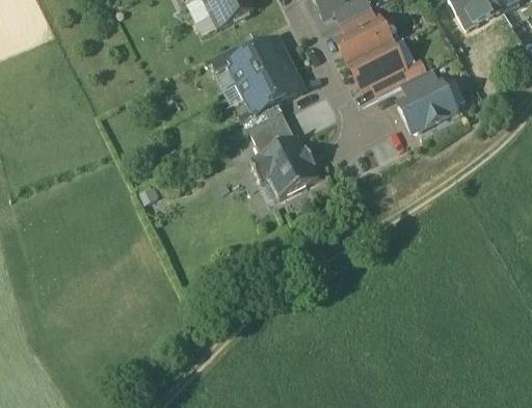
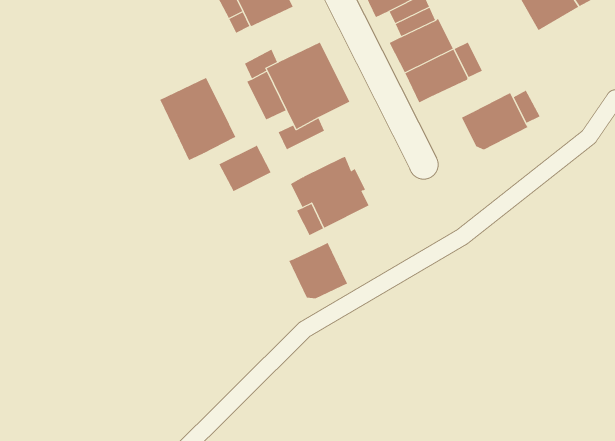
building: none -> [160,77,236,161]
building: [372,69,438,97] -> none
building: [249,112,295,153] -> [219,145,272,192]
building: none -> [289,242,348,299]

